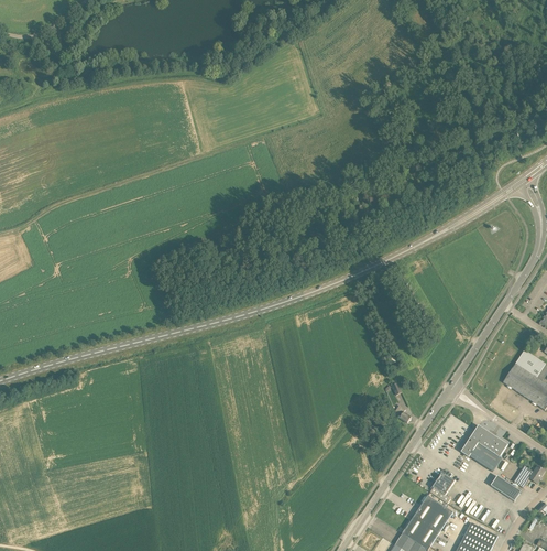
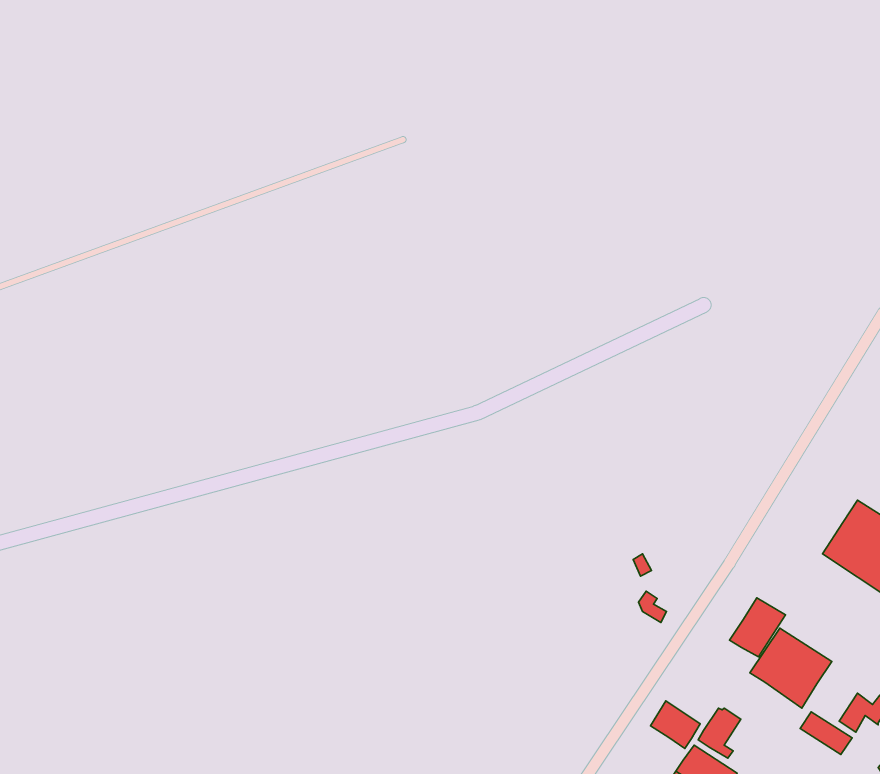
building: none -> [730,598,786,657]
building: none -> [650,701,700,749]

